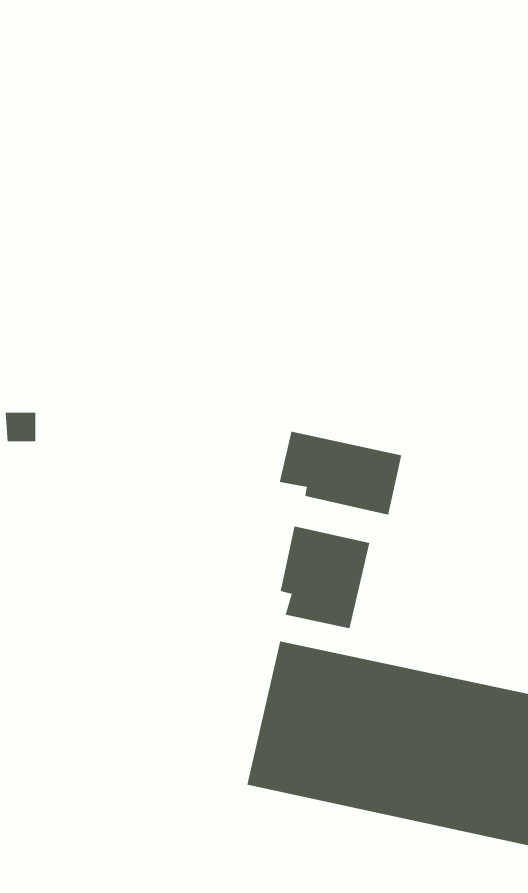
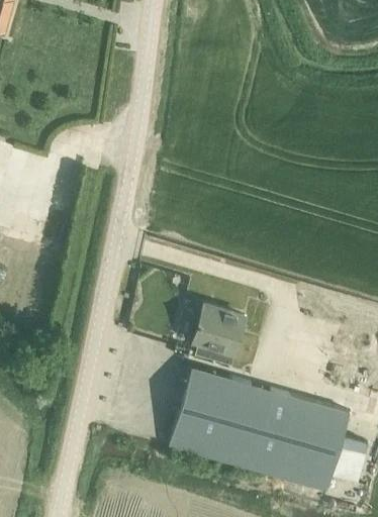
building: [279,431,402,515] -> none

